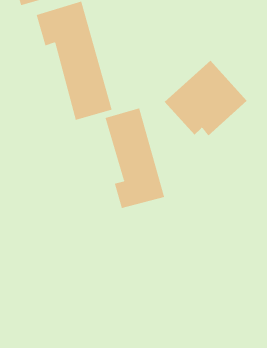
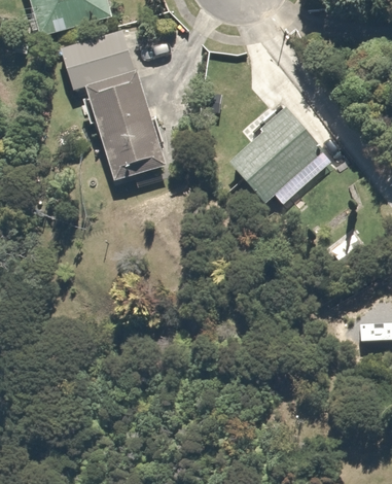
building: [105,108,165,209] -> none

